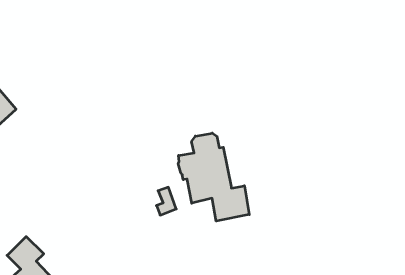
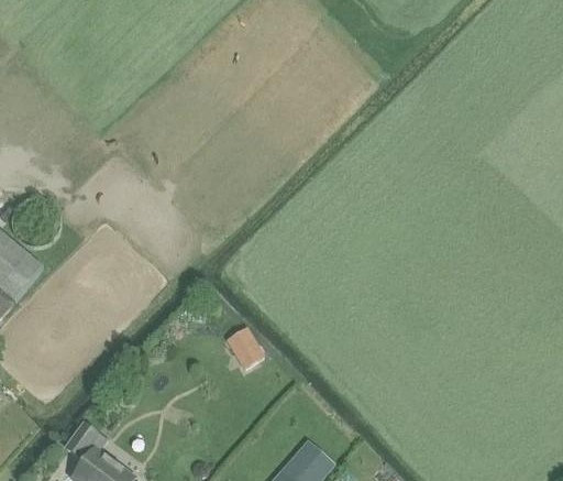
building: [178,133,249,221] -> none

